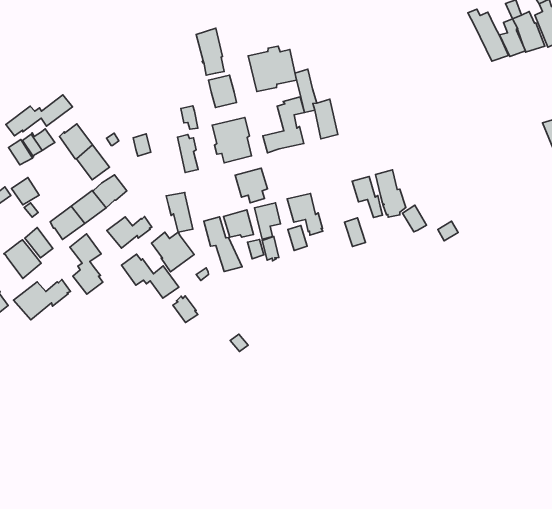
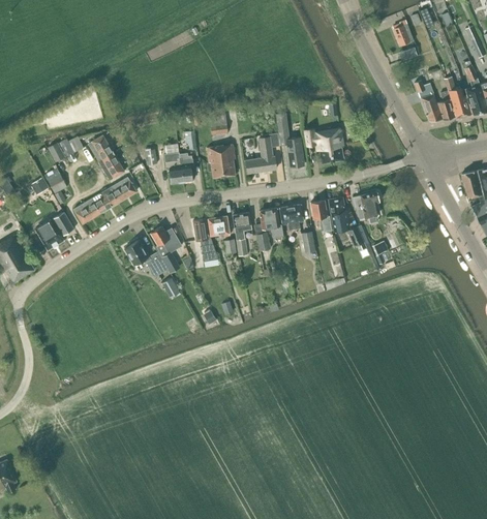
building: [196,28,224,75] -> none
building: [248,46,296,92] -> none
building: none -> [303,128,343,162]
building: [6,95,73,136] -> none
building: none -> [353,191,379,224]
building: [235,168,267,203] -> [279,205,303,231]
building: [166,193,193,232] -> [164,153,182,183]
building: [107,217,152,248] -> none
building: [70,234,103,294] -> none
building: [14,279,70,320] -> none

